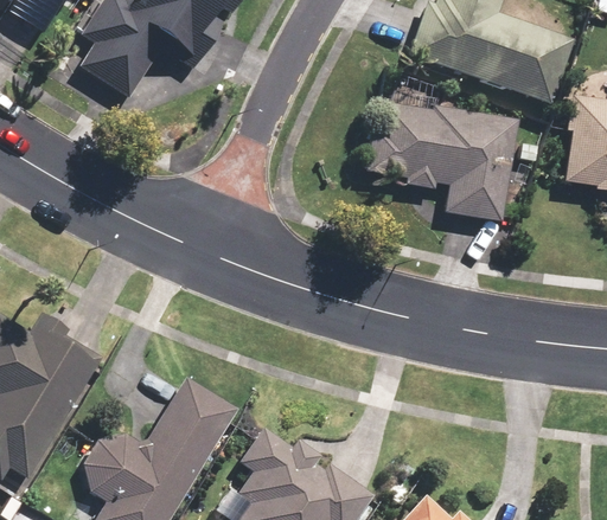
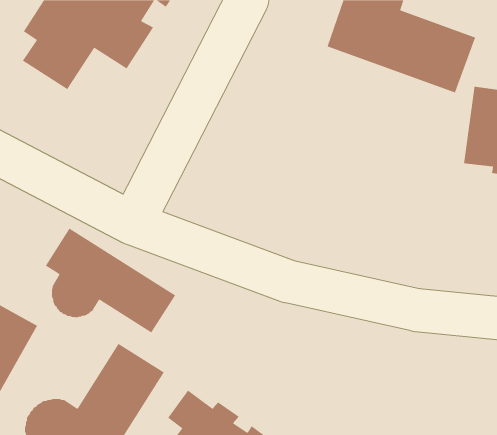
building: [366,91,513,220] -> none
building: none -> [45,227,176,334]

